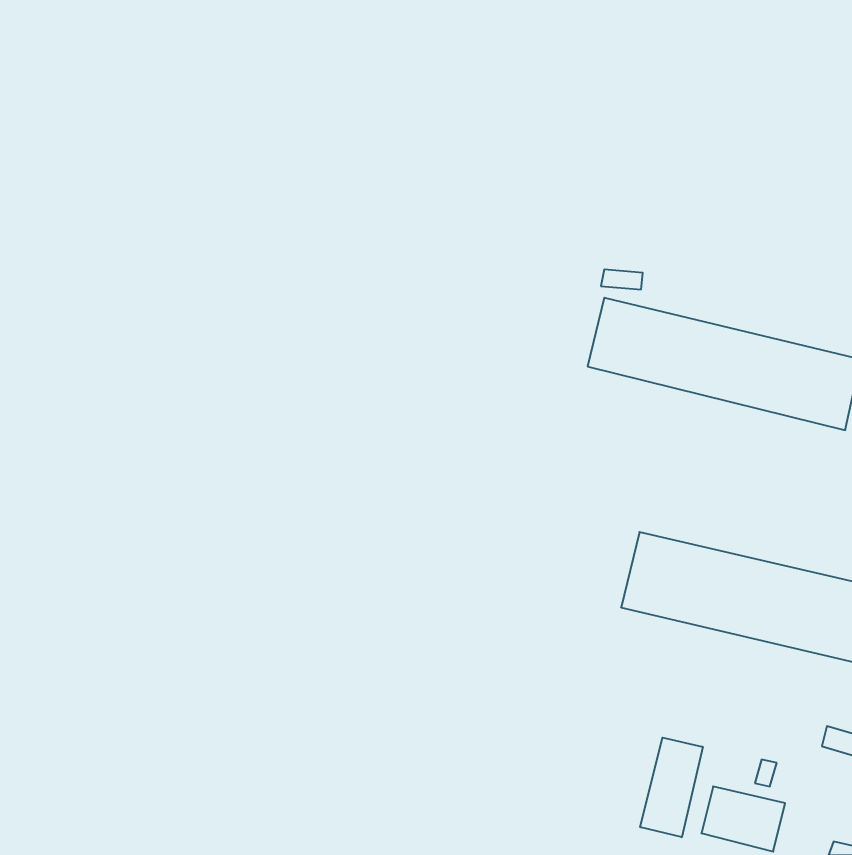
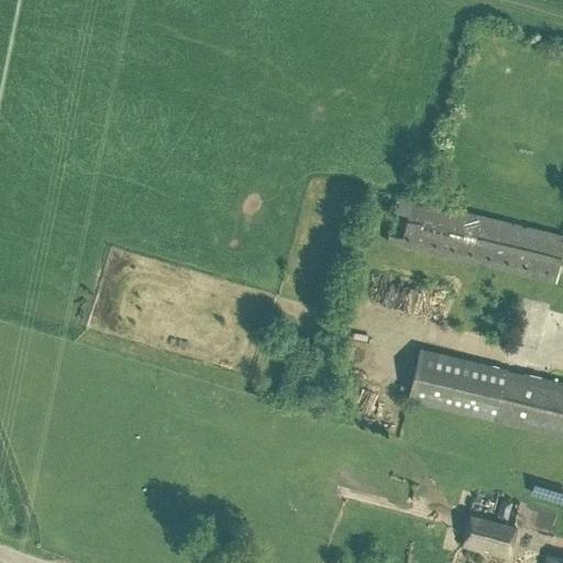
building: [640,738,703,837] -> none

